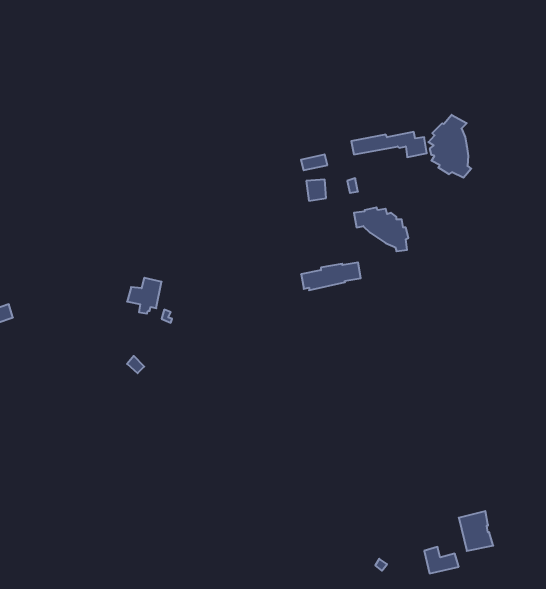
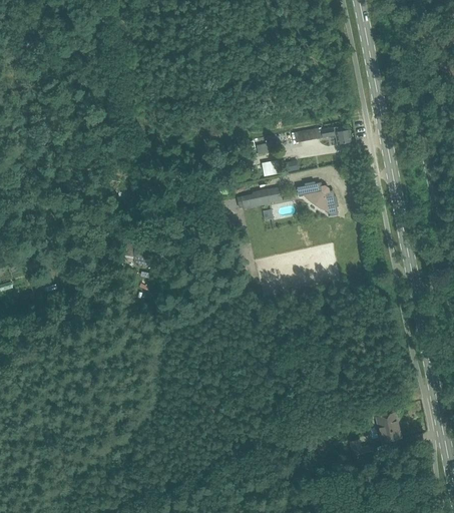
building: [428,115,471,178] -> none
building: [301,262,361,290] -> [237,188,282,209]

